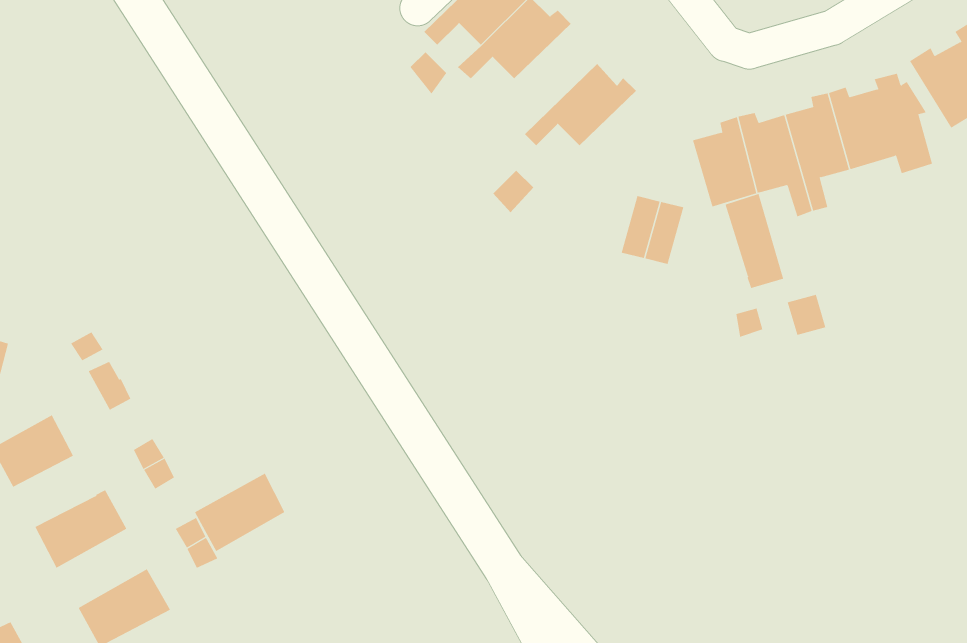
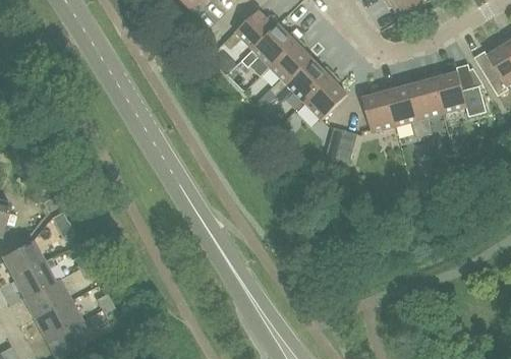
building: none -> [270,38,314,95]
building: none -> [304,72,348,119]
building: [725,193,784,289] -> none
building: none -> [12,260,55,297]
building: [194,473,285,552] -> [35,298,81,339]

